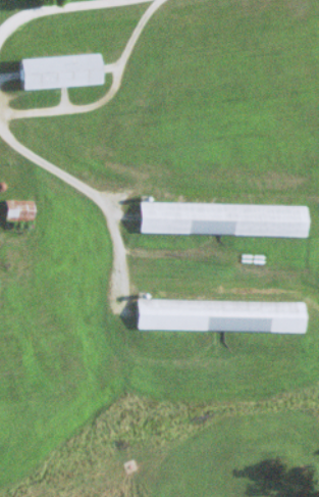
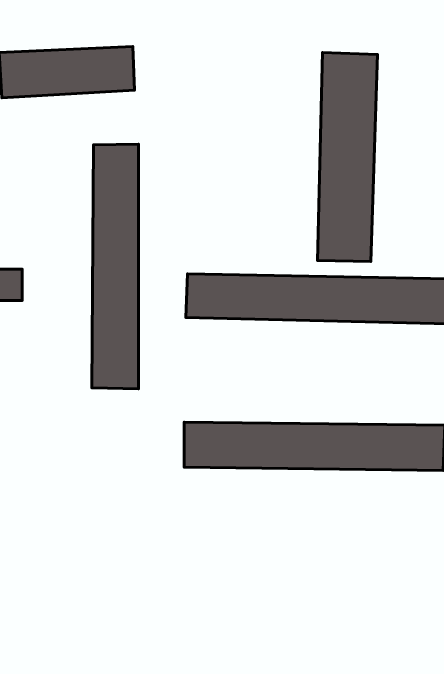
building: none -> [317,52,378,261]
building: none -> [92,144,139,389]

